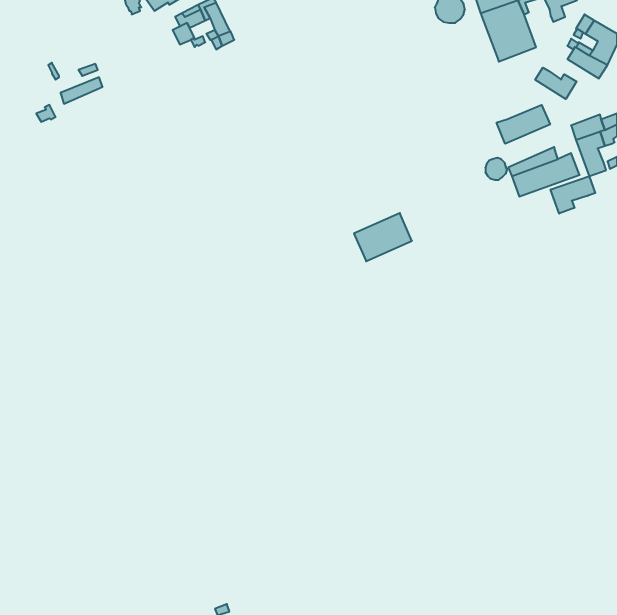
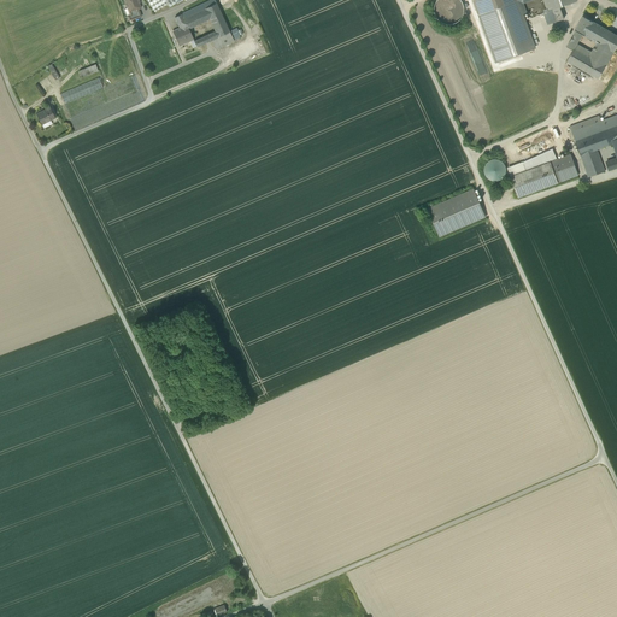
building: [535,68,577,99] -> none
building: [497,105,550,144] -> none
building: [551,176,595,214] -> none
building: [354,213,412,261] -> [428,188,486,236]

